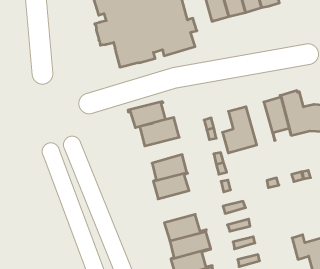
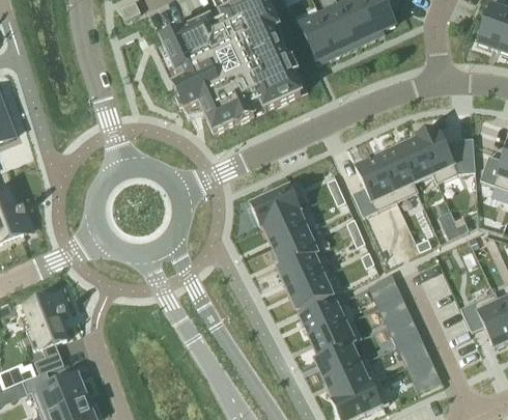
building: [128,102,165,128] -> [259,205,307,243]
building: none -> [375,145,417,199]
building: none -> [286,269,332,307]

